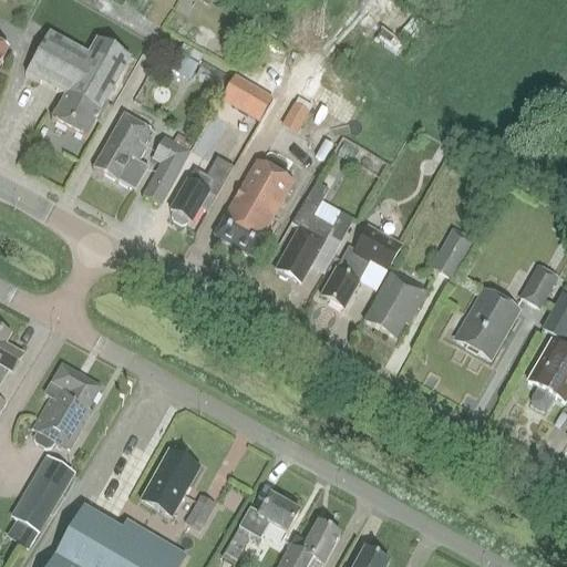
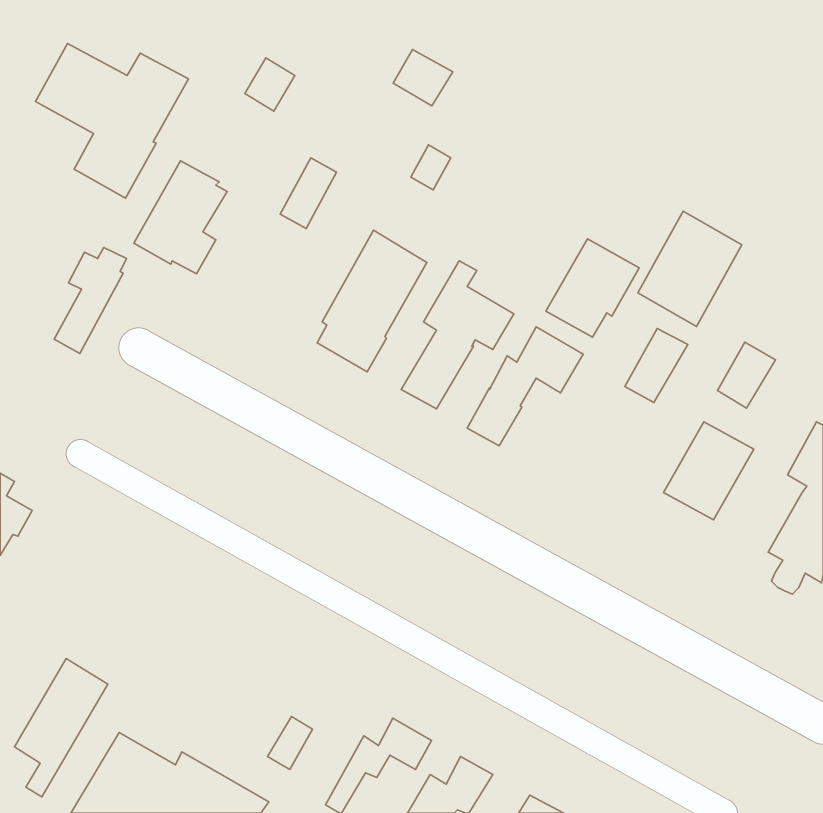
building: [231,80,272,118] -> [393,49,453,106]
building: [143,131,193,204] -> [54,247,127,354]
building: none -> [638,211,742,326]
building: [171,154,235,223] -> none
building: [518,262,558,308] -> [717,342,775,408]
building: [363,269,427,337] -> [546,239,639,337]
building: [33,362,100,447] -> none
building: [143,450,198,514] -> none

